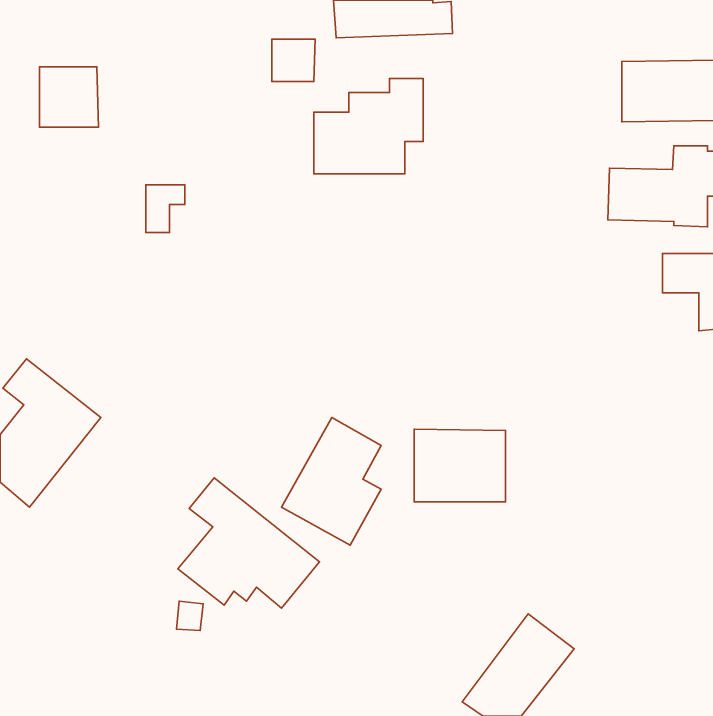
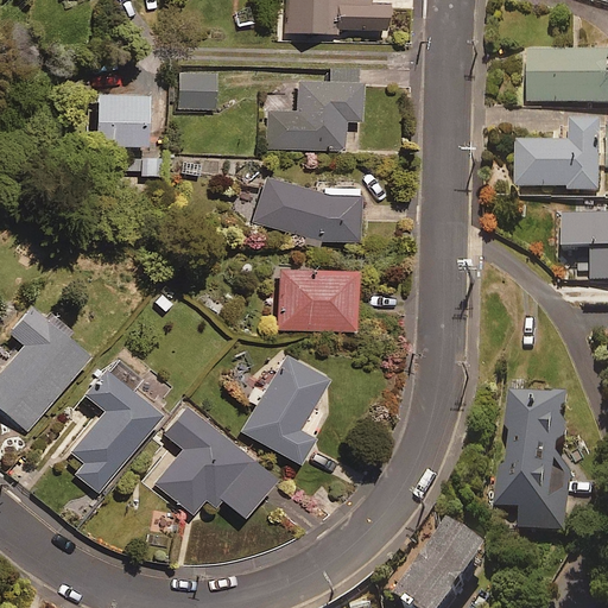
building: [272,39,315,81] -> [179,72,216,108]
building: [40,67,98,127] -> [95,93,145,144]
building: none -> [254,177,360,246]
building: none -> [70,355,159,492]
building: [414,429,505,502] -> [278,267,355,329]
building: none -> [498,390,576,532]

